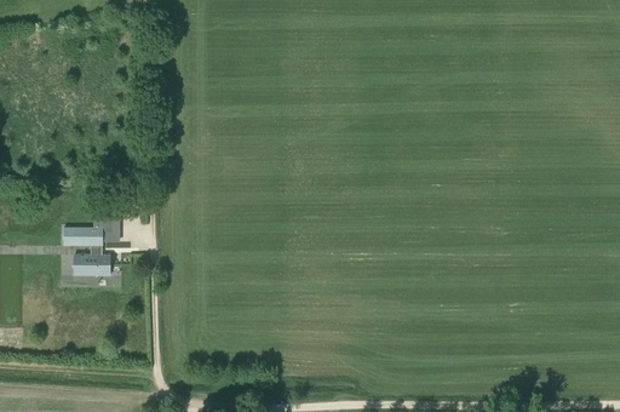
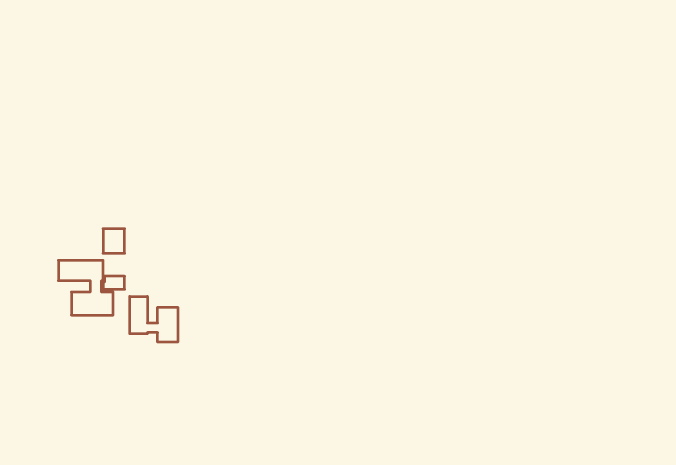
building: none -> [130,296,178,342]

